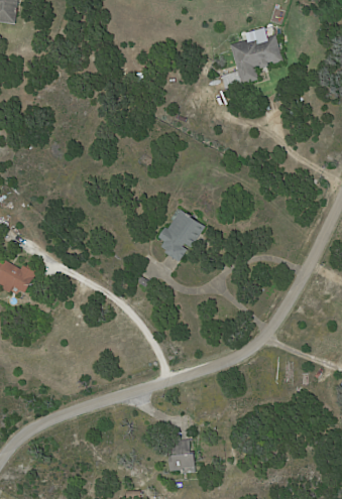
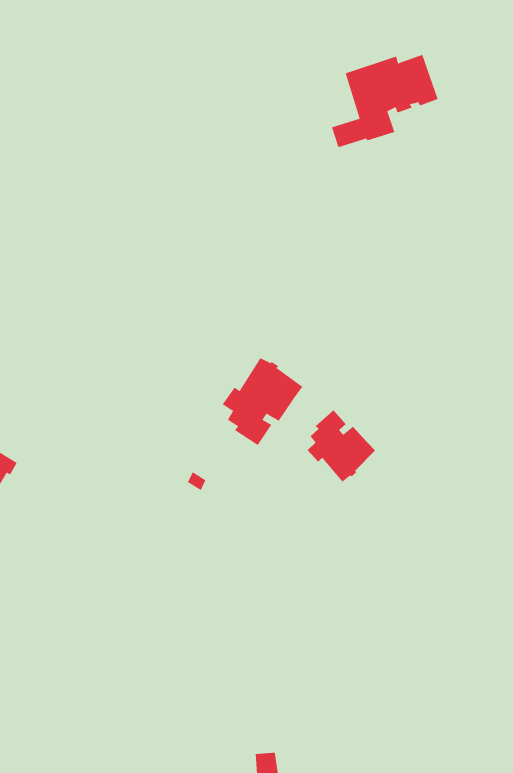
building: none -> [307,409,376,482]

